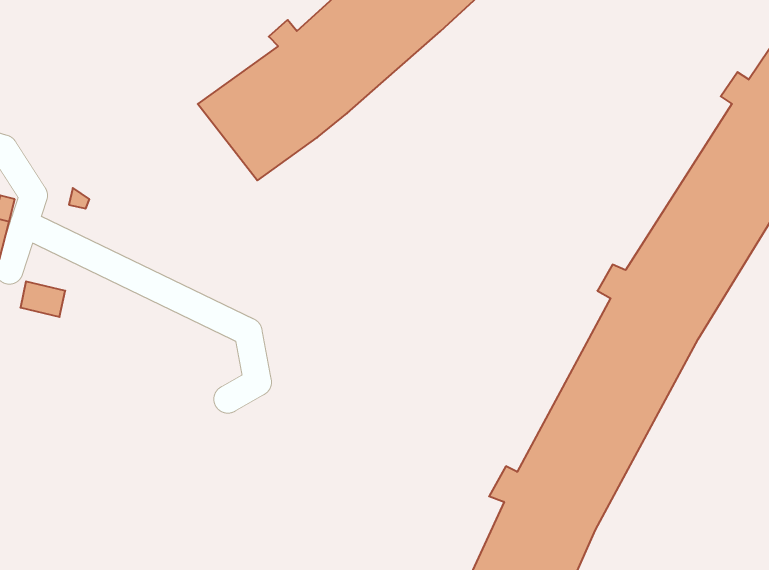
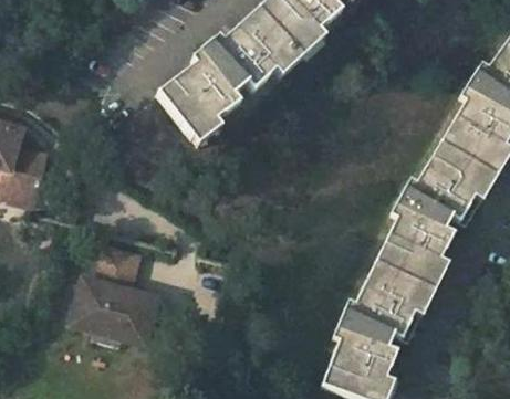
building: none -> [73,245,160,345]

